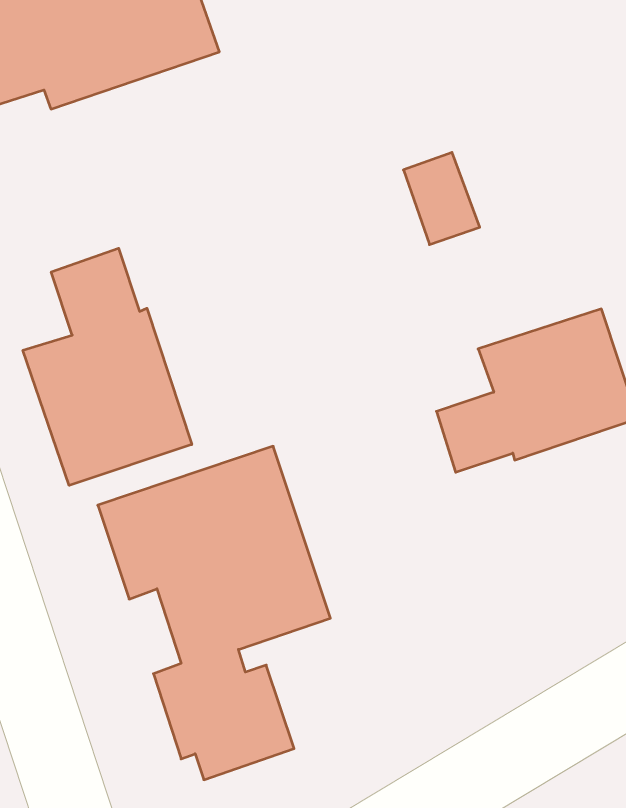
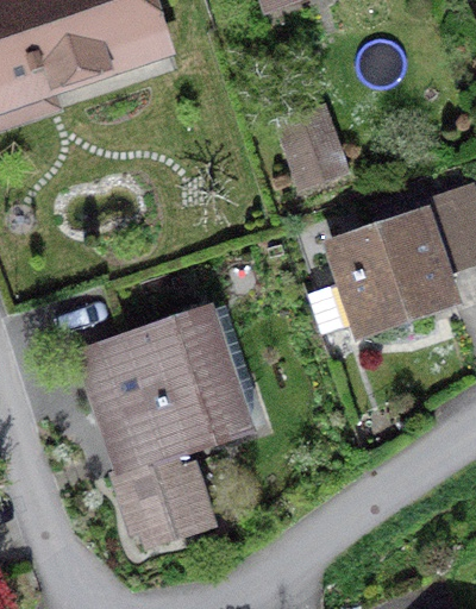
building: [23,248,192,485] -> none

